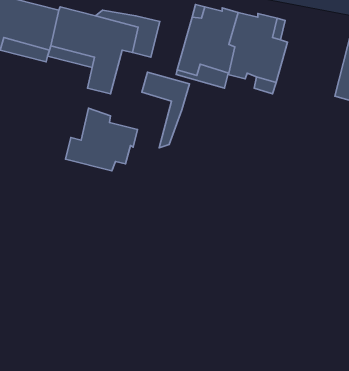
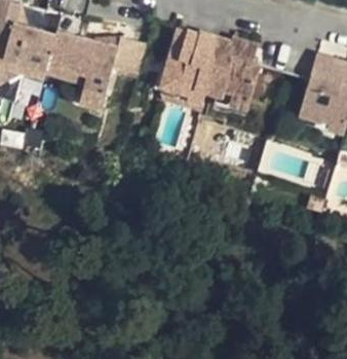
building: [142,72,190,148] -> none
building: [66,108,138,171] -> none

